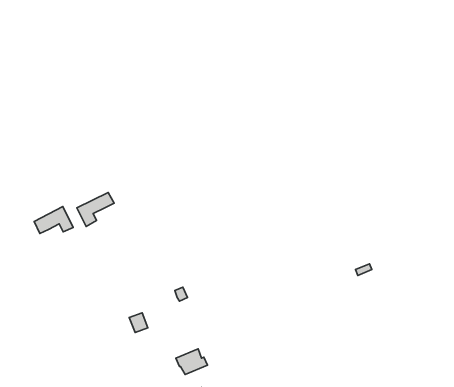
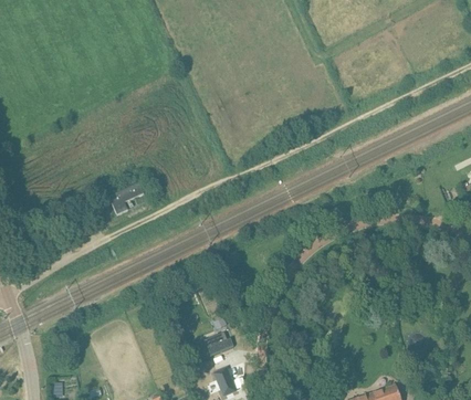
building: [34,207,73,234] -> none

